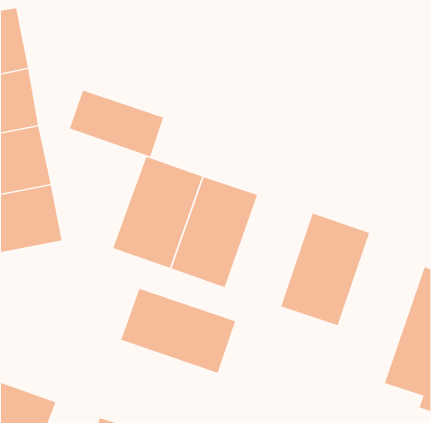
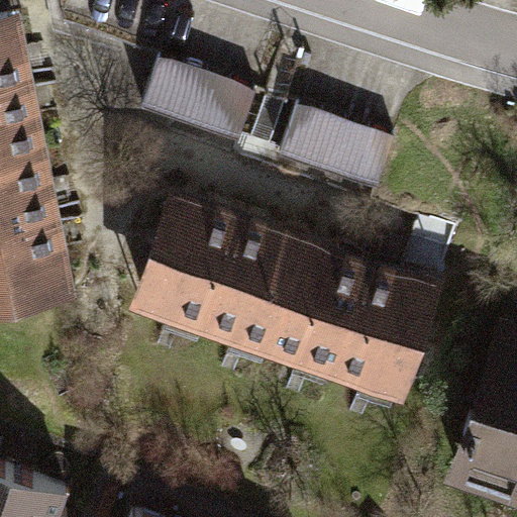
building: none -> [282,106,396,187]
building: [69,89,164,158] -> [144,59,258,140]
building: none -> [270,242,374,377]
building: [120,288,236,374] -> none

